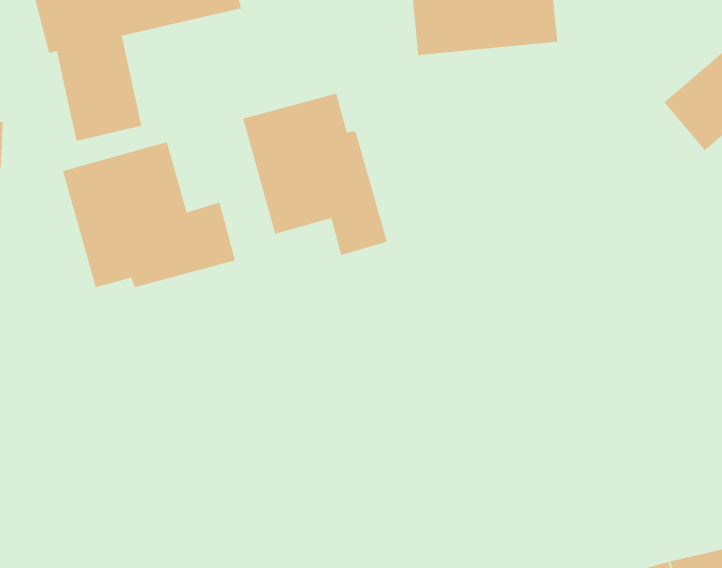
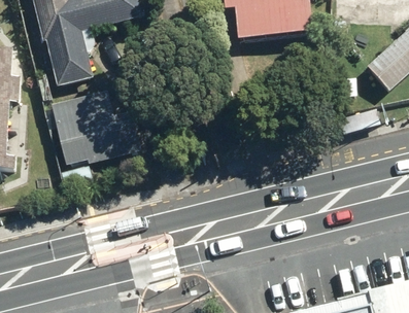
building: [242,93,387,256] -> none

